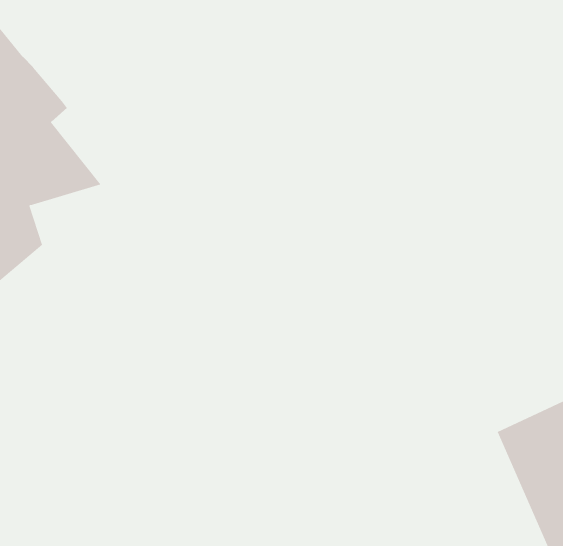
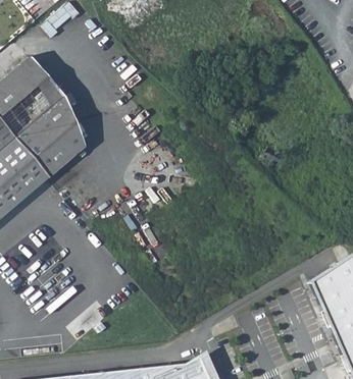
building: none -> [46,139,90,173]

